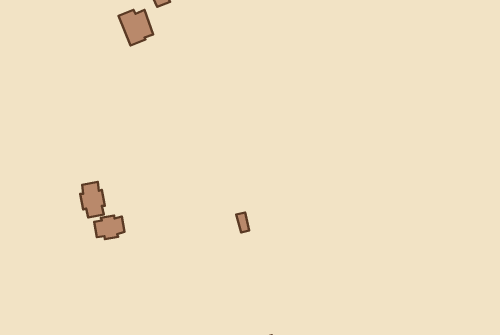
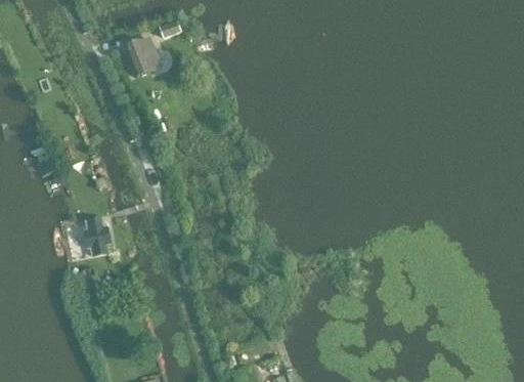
building: [94,215,125,239] -> none

